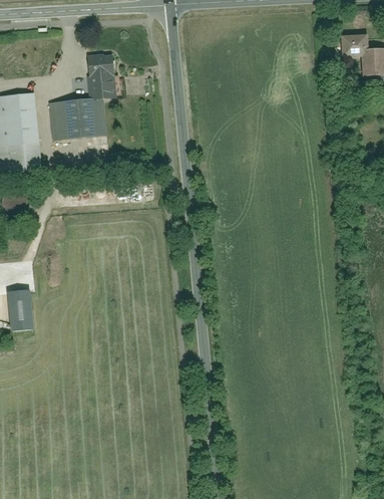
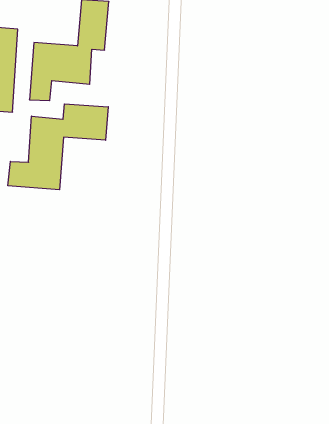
building: none -> [8,104,108,190]

